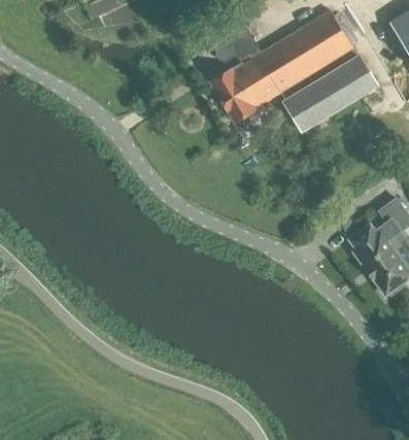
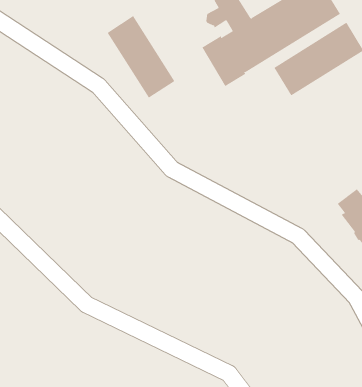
building: none -> [107,15,175,99]

